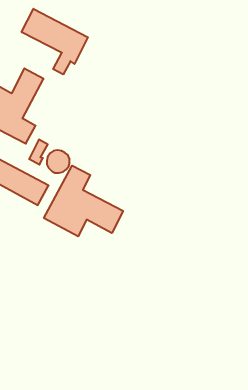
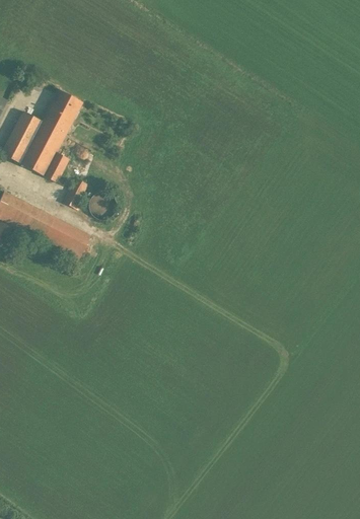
building: [22,9,88,74] -> none
building: [44,166,123,236] -> none

